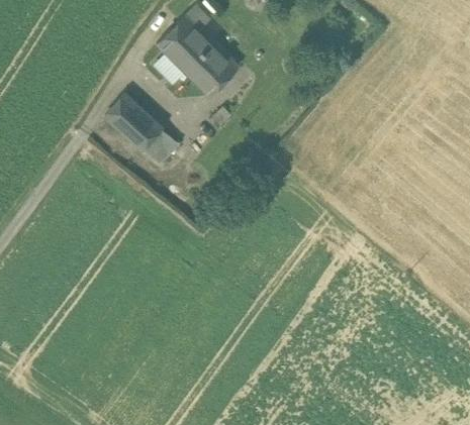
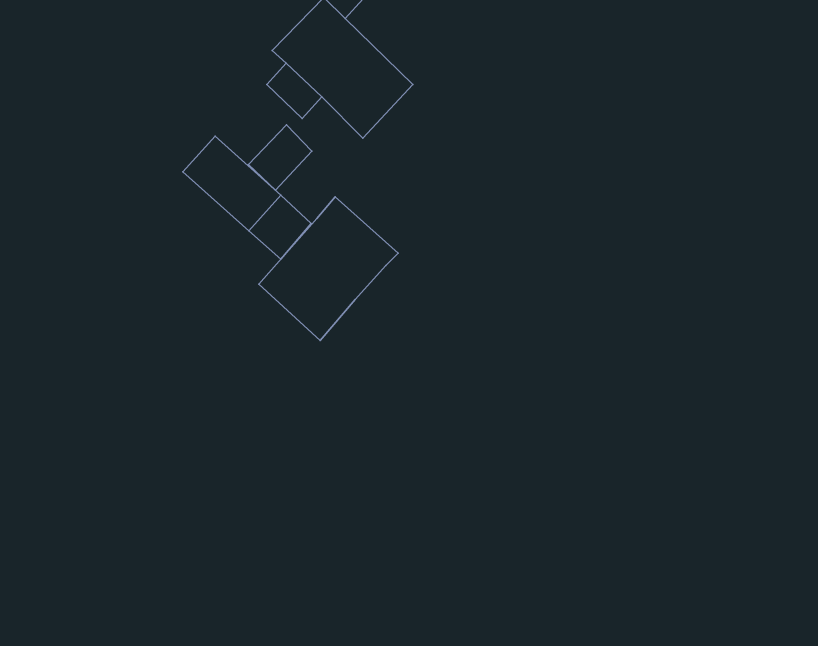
building: none -> [248,125,312,190]
building: none -> [259,197,398,340]

